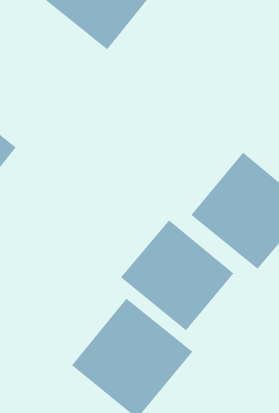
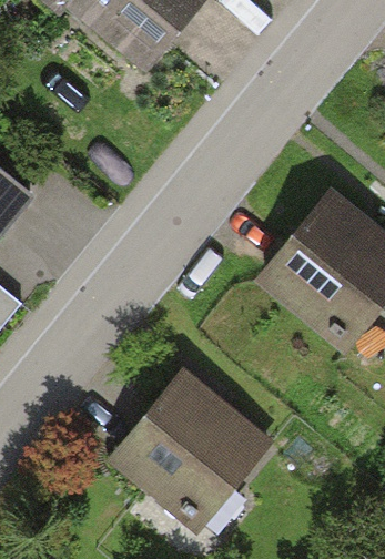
building: [120,219,234,331] -> none

